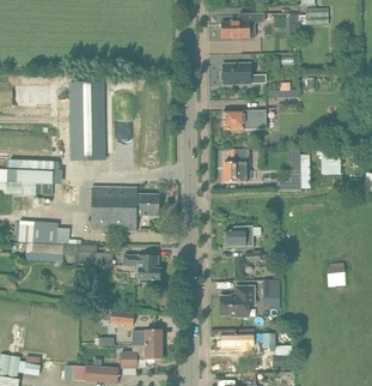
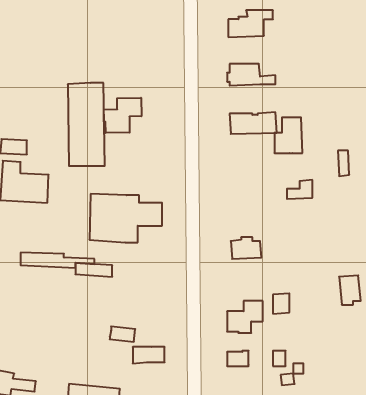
building: none -> [104,98,141,133]
building: [224,149,250,182] -> [274,117,302,153]
building: [20,218,68,242] -> none
building: [123,255,160,282] -> none
building: [121,344,161,368] -> none

